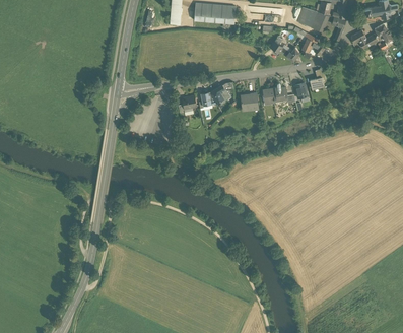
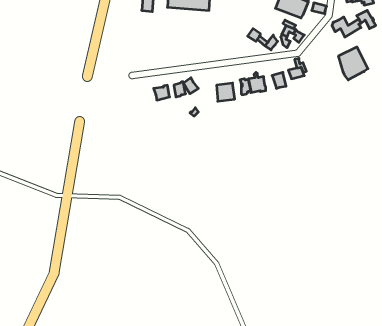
building: none -> [339,47,368,80]

